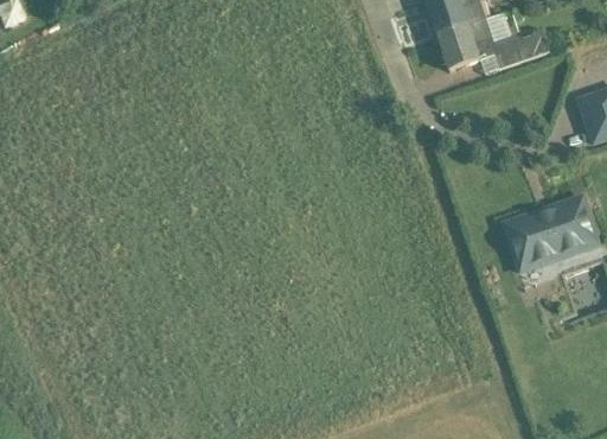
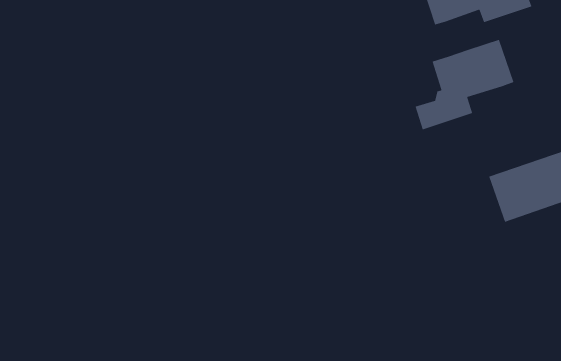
building: none -> [414,39,515,130]

